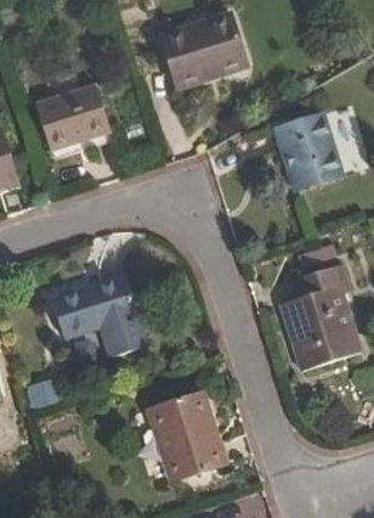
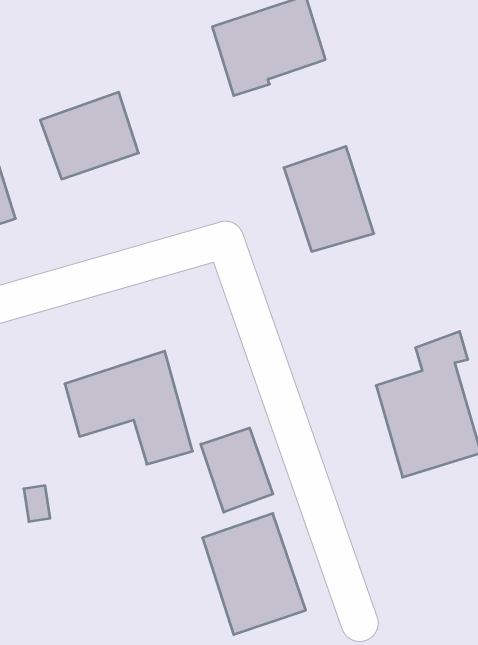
building: [277,114,344,192] -> [284,146,374,251]
building: none -> [201,428,273,512]

